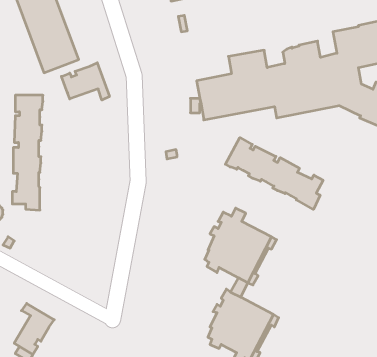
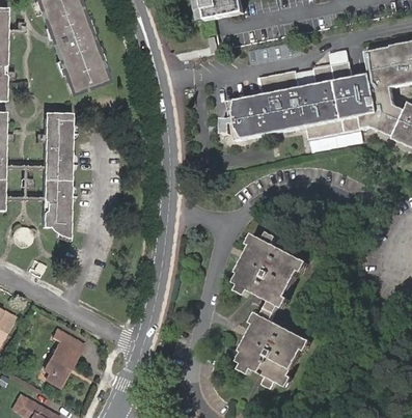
building: [61,63,109,100] -> none
building: [225,138,323,209] -> none

